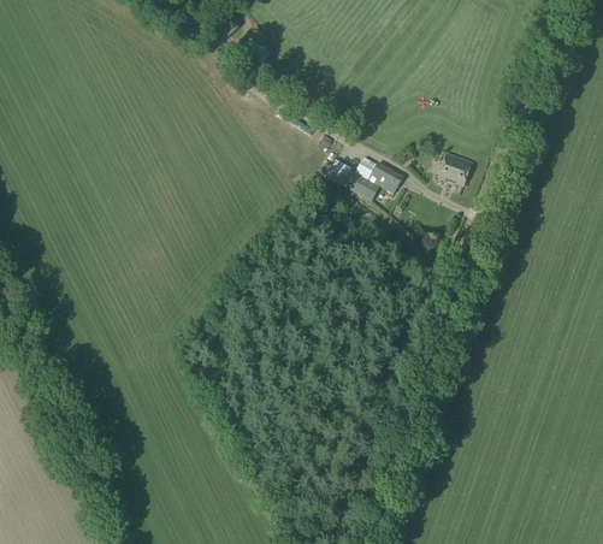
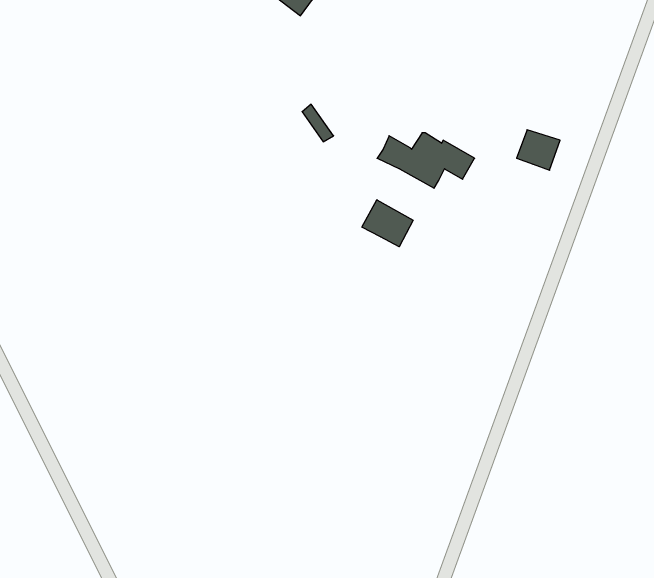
building: none -> [362,200,413,247]

